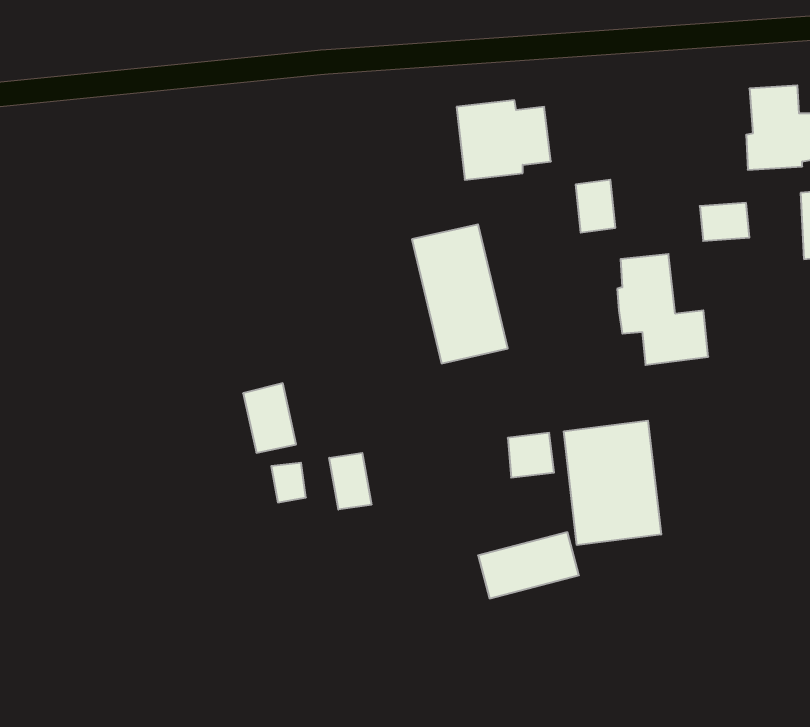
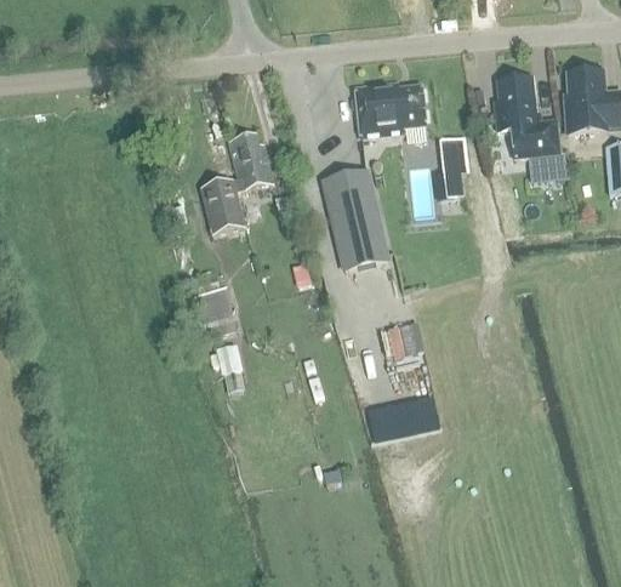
building: none -> [200,132,273,235]
building: [617,254,708,365] -> [494,74,560,155]
building: [564,421,661,545] -> none
building: [329,453,371,510] -> none

